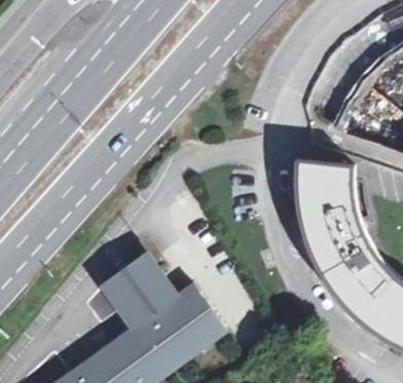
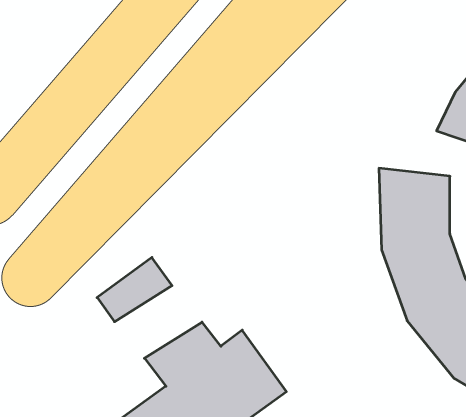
building: [105,256,162,305] -> [97,257,172,322]

